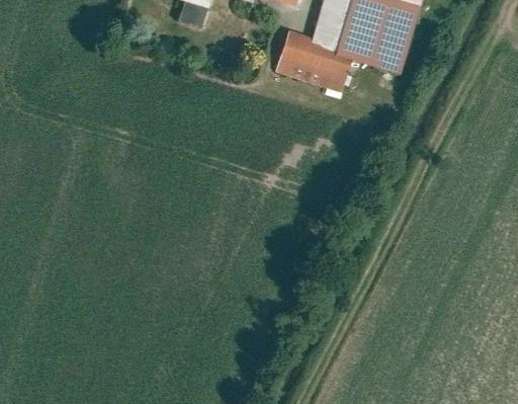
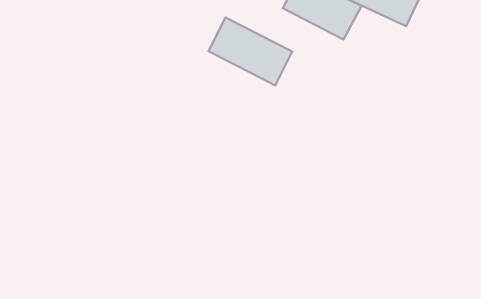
building: none -> [209,17,292,85]

